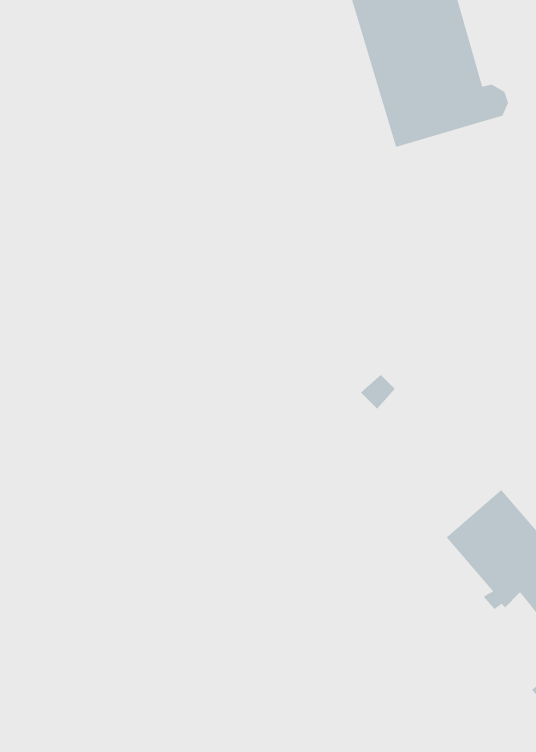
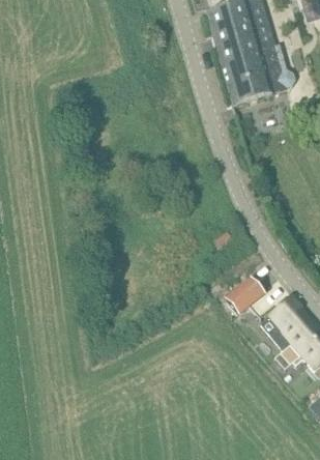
building: none -> [225,279,264,315]

